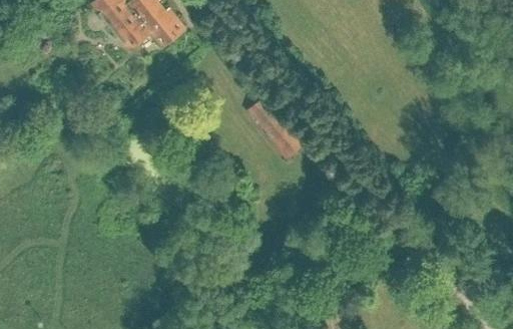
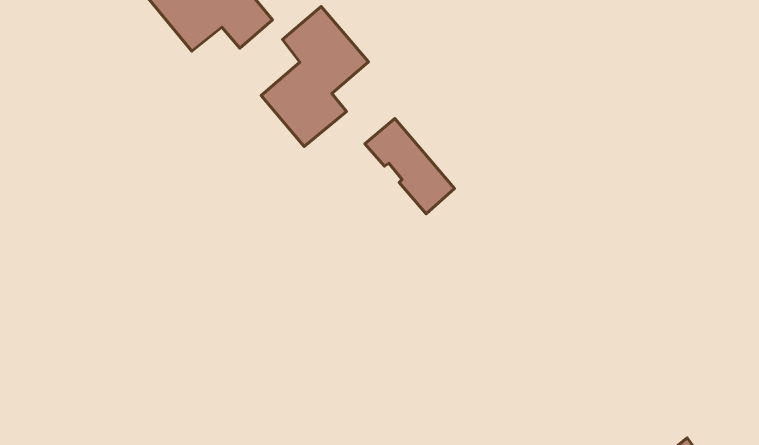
building: none -> [261,6,368,147]

